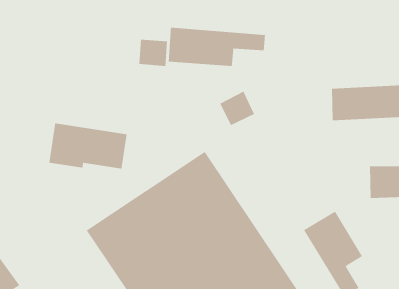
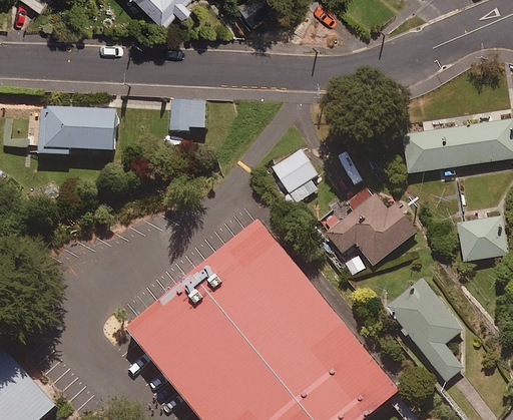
building: [168,27,266,67] -> none
building: [48,123,127,169] -> [27,105,117,155]
building: none -> [327,186,419,266]

